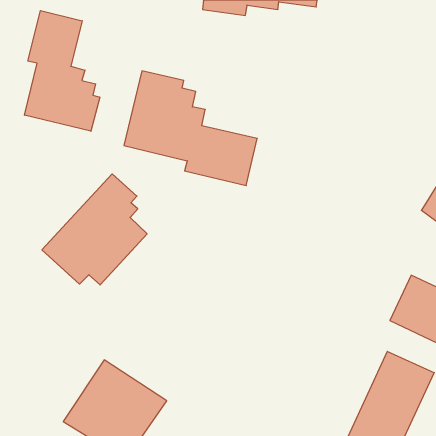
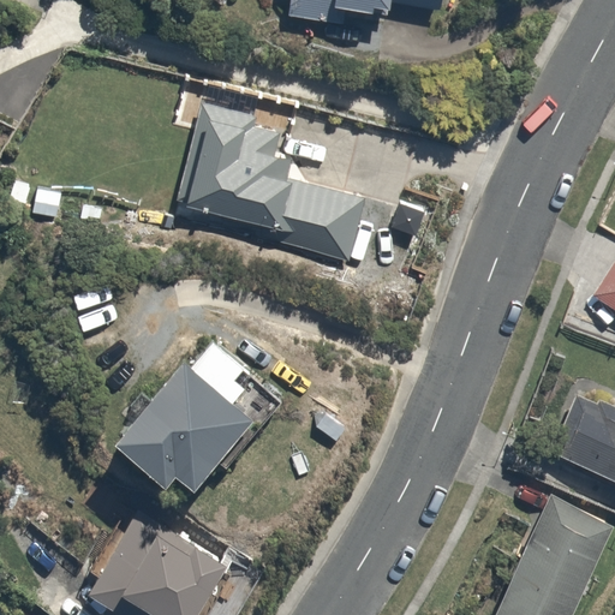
building: [25,11,100,131] -> none
building: [42,174,147,285] -> [115,335,263,491]

